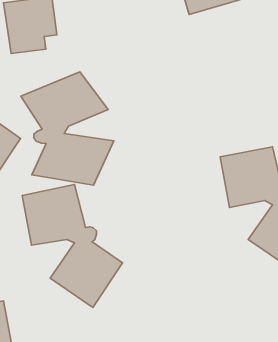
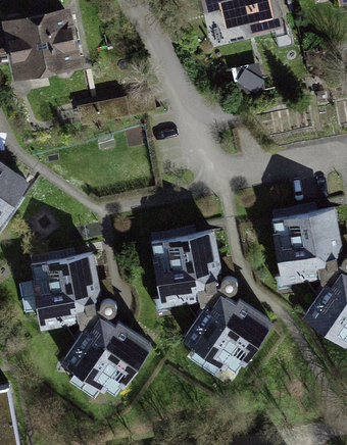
building: [21,72,114,185] -> none
building: none -> [148,226,269,374]

